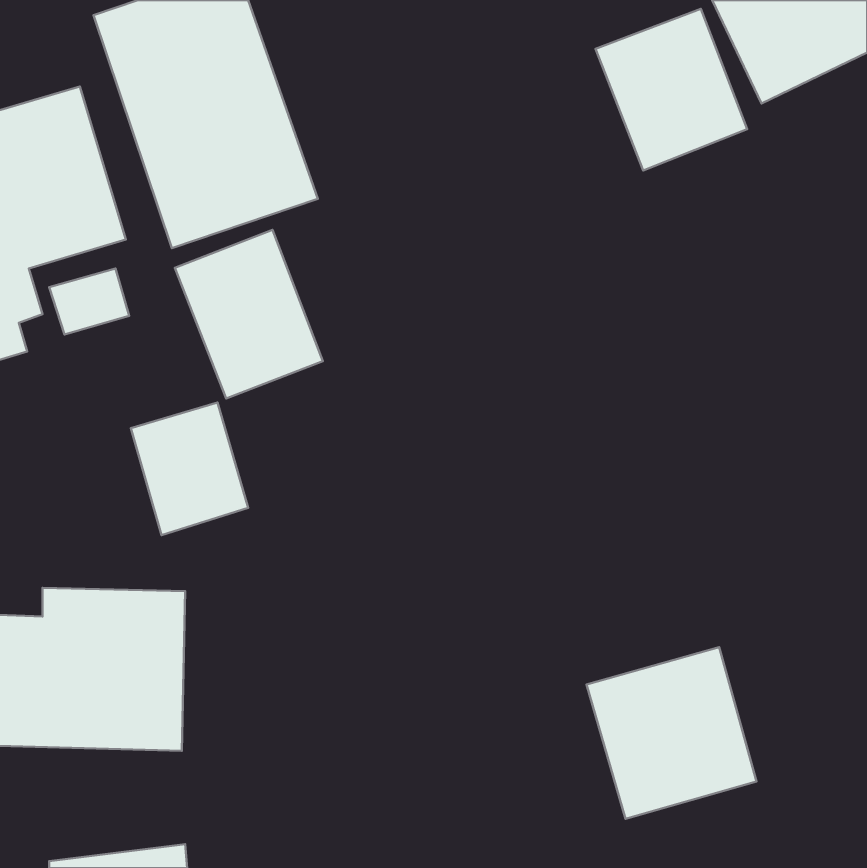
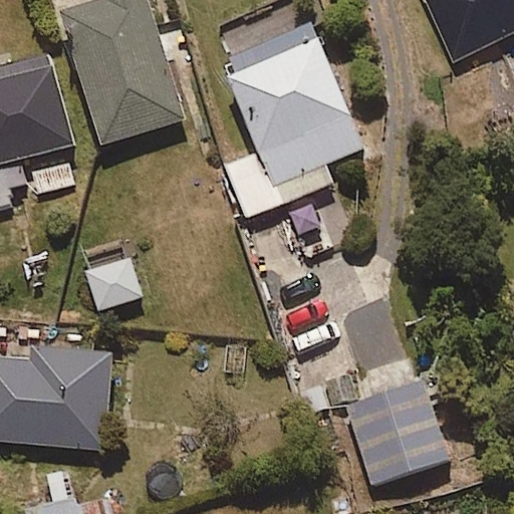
building: [596,9,747,170] -> none
building: none -> [217,20,362,218]
building: [175,230,323,398] -> none

